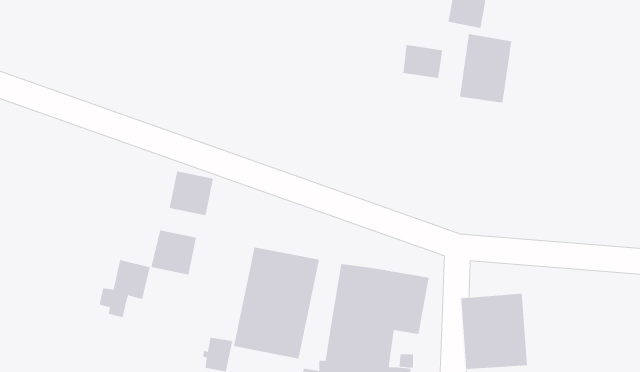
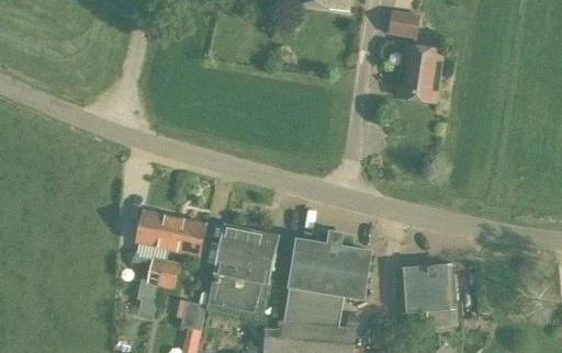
building: [403,44,443,79] -> none
building: [169,171,214,216] -> [168,215,206,253]
building: [99,260,150,318] -> [134,255,178,305]

